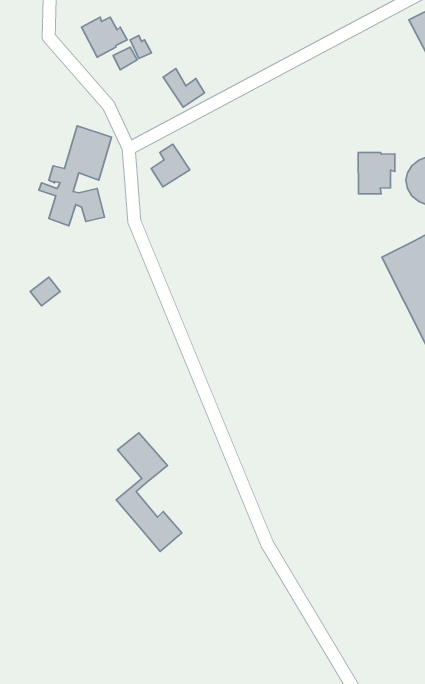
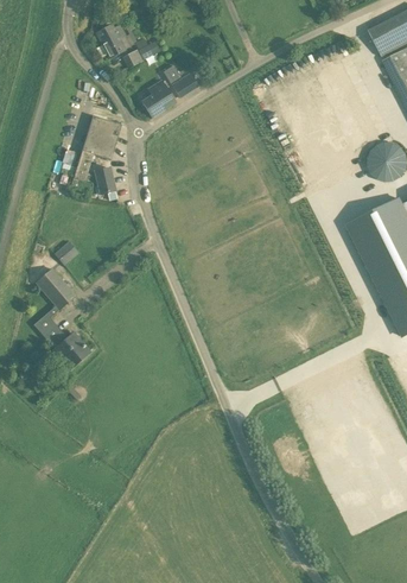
building: [151,144,190,187] -> [145,81,177,116]
building: [358,153,395,194] -> none
building: [116,433,182,551] -> [36,267,90,366]

